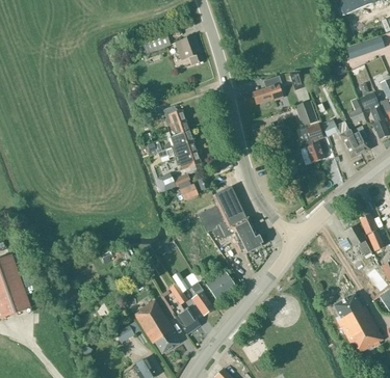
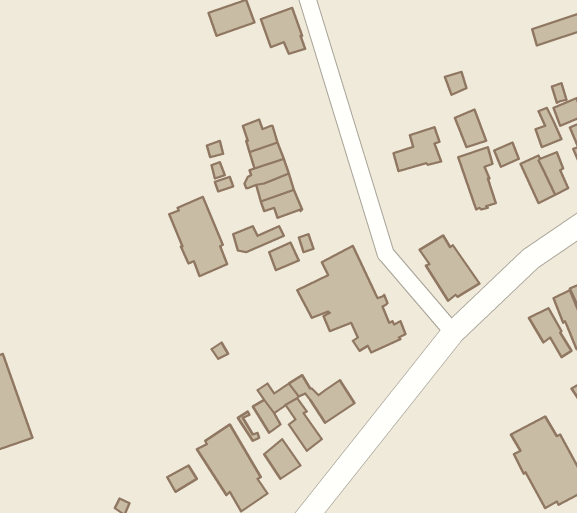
building: [253,76,283,104] -> [393,127,441,171]
building: none -> [169,197,227,276]
building: none -> [419,236,479,301]

